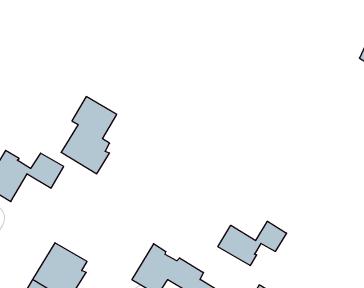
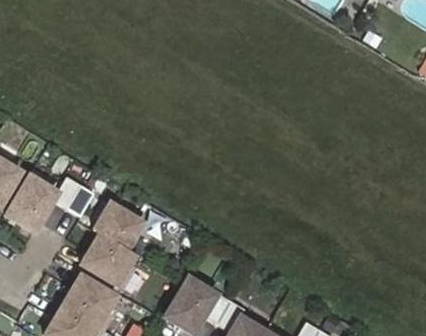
building: [61,97,117,174] -> [80,201,142,287]
building: [218,221,287,266] -> none

